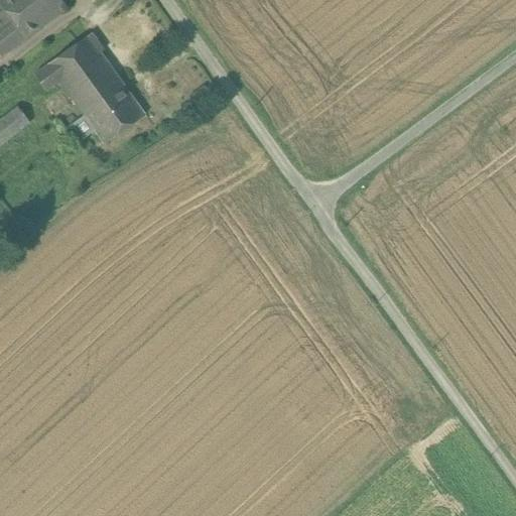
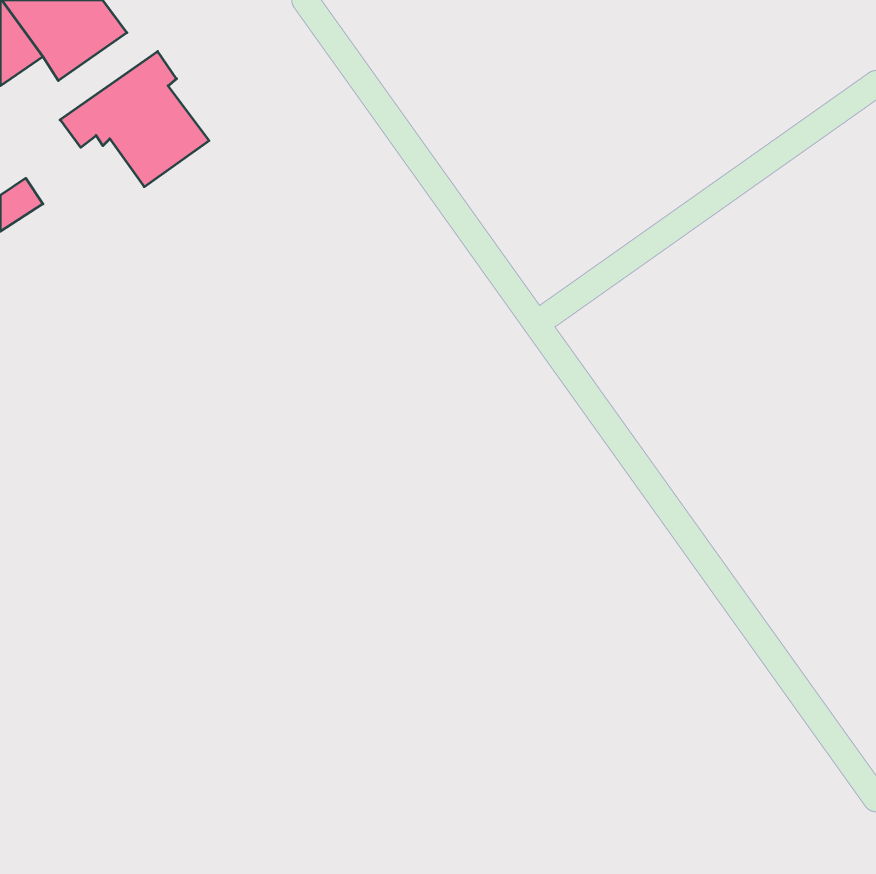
building: [70,84,143,139] -> none

